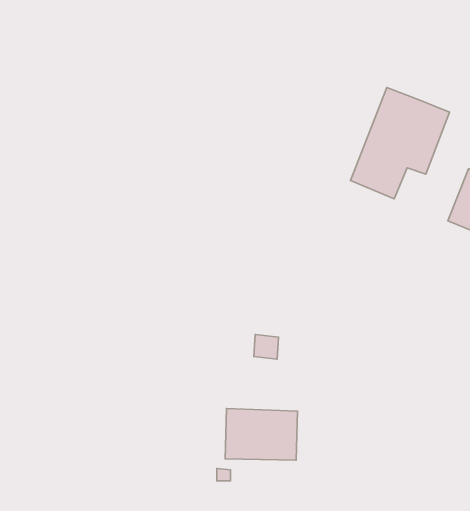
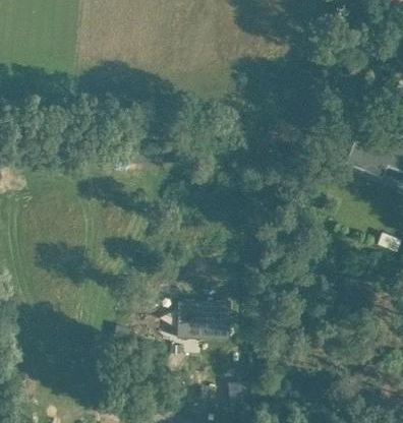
building: [350,88,450,199] -> none

